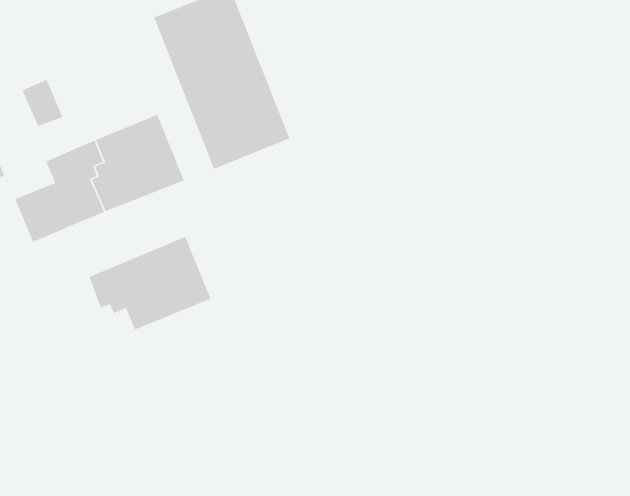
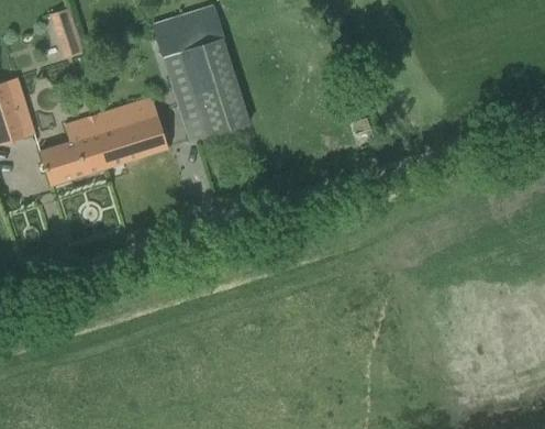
building: [21,79,63,127] -> [54,22,84,57]
building: [89,236,212,330] -> none

